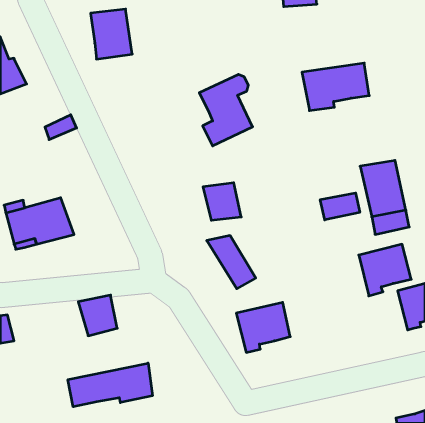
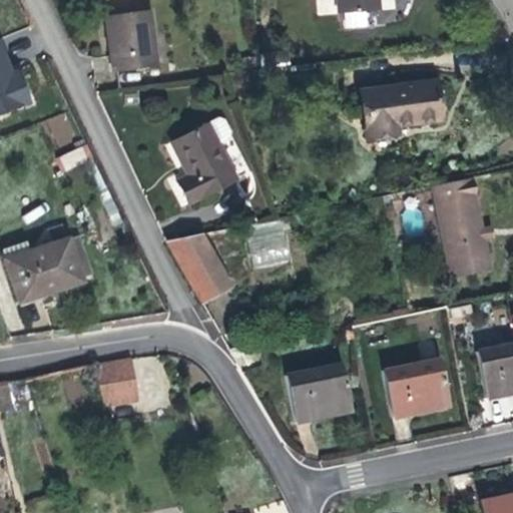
building: [199,74,253,146] -> [166,118,230,204]
building: [320,193,360,220] -> none
building: [207,236,256,289] -> [166,237,225,302]
building: [359,244,411,296] -> [385,358,448,420]
building: [68,363,152,407] -> none

